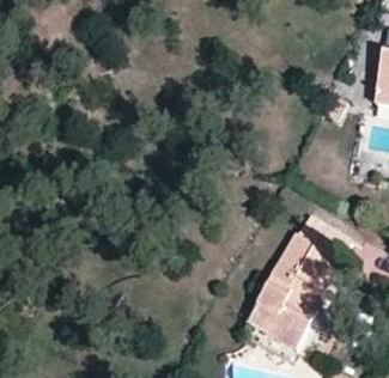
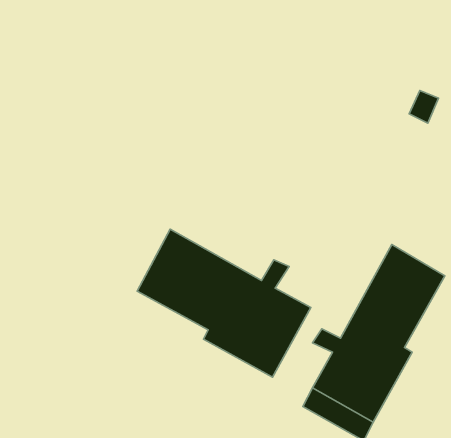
building: none -> [137,229,311,377]

